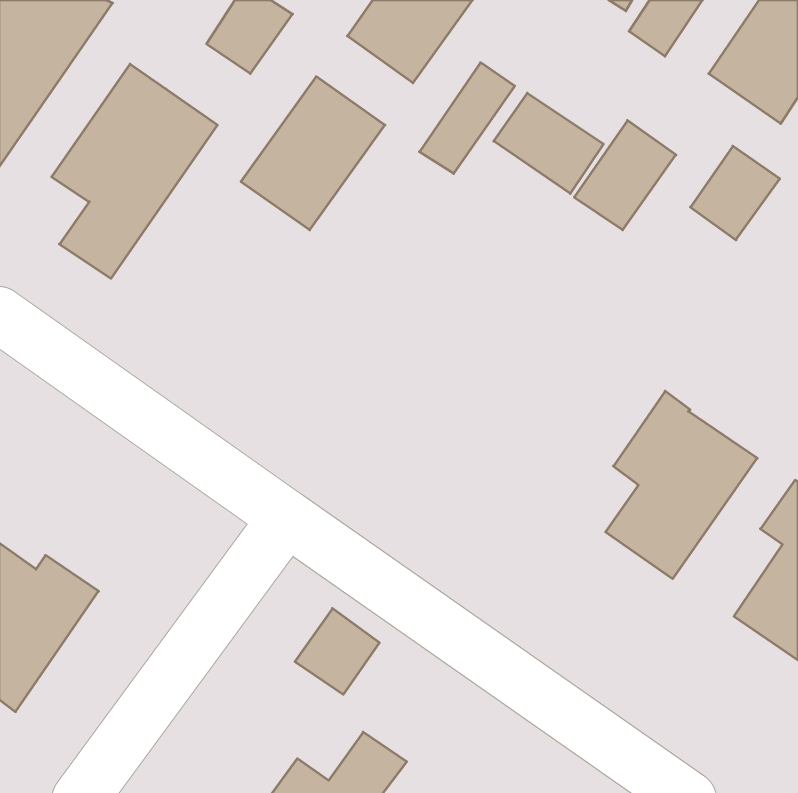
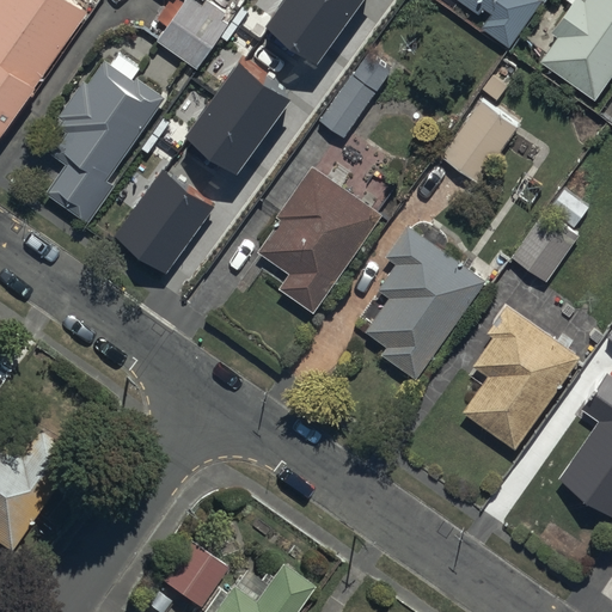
building: [494,93,603,194] -> none
building: [690,146,780,240] -> [510,212,579,283]
building: none -> [253,164,382,317]
building: none -> [115,176,214,279]
building: none -> [366,225,485,377]
building: [295,608,379,694] -> [159,540,224,606]

